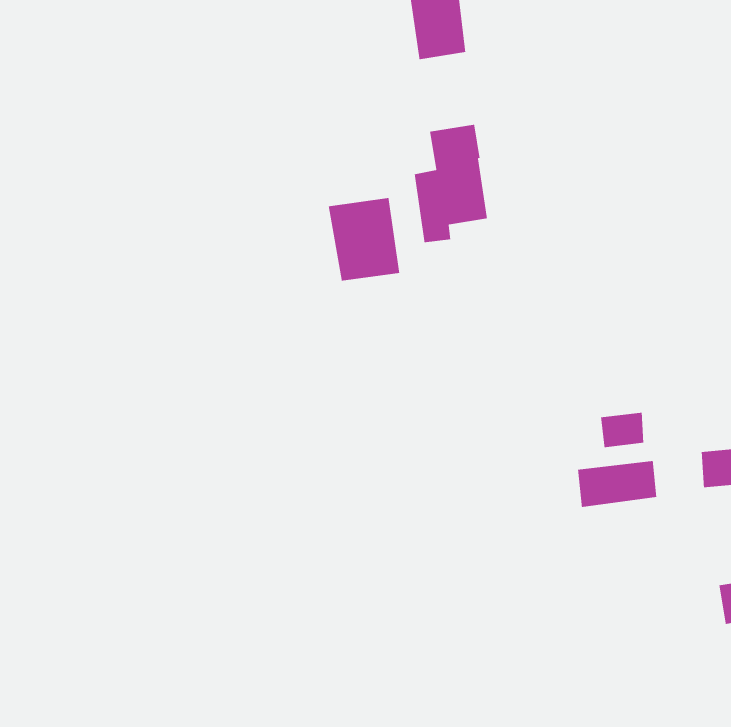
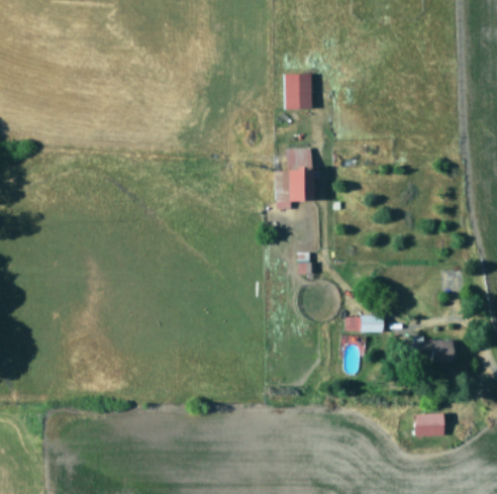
building: [328,197,400,281] -> none
building: [577,460,657,508] -> none

